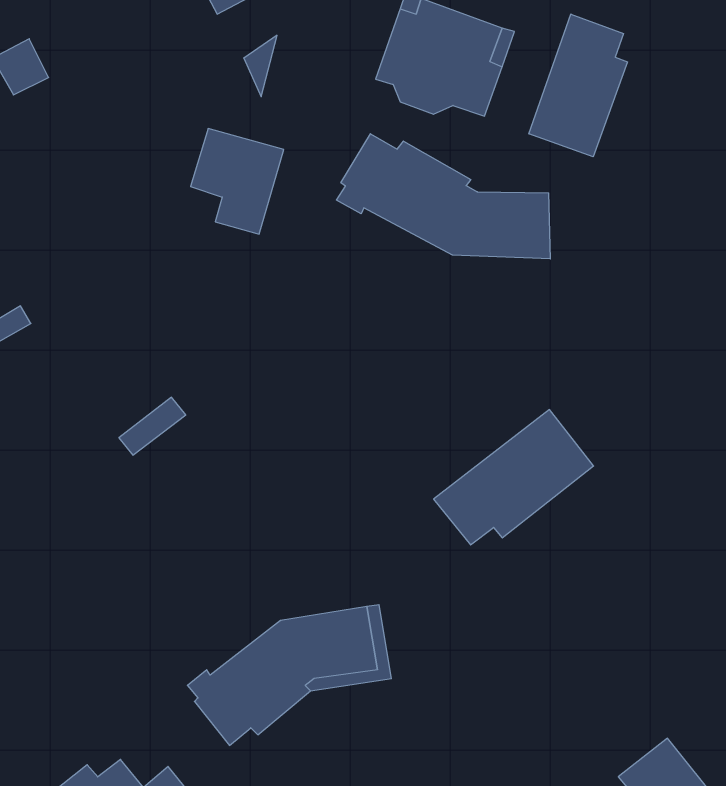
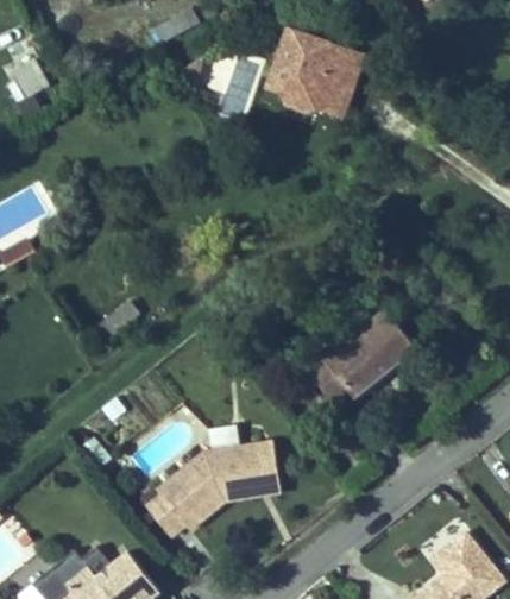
building: [529,14,627,157] -> none
building: [191,129,284,234] -> [199,49,262,120]
building: [336,134,550,259] -> none

